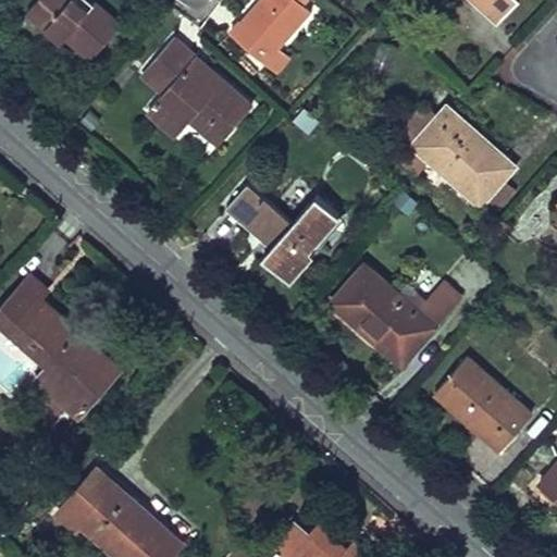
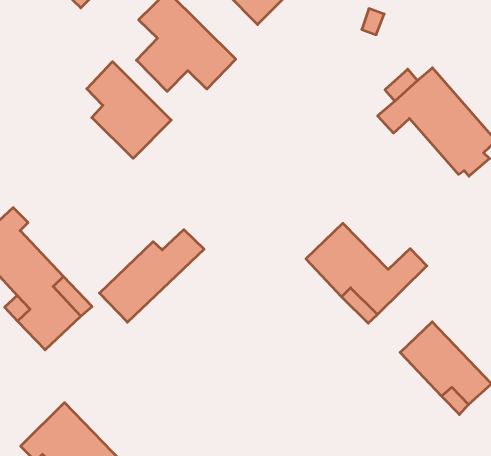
building: none -> [87,62,171,158]
building: [225,182,338,272] -> none
building: none -> [99,230,204,322]

